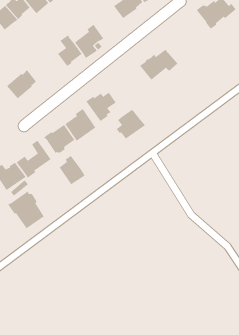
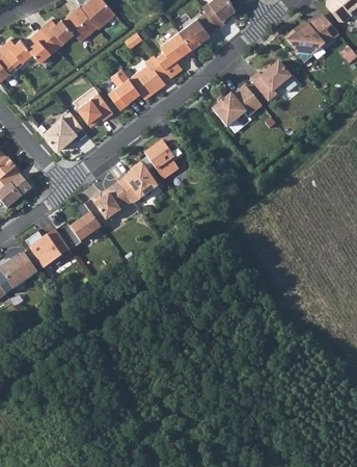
building: none -> [161,30,194,61]
building: none -> [251,60,292,100]
building: none -> [78,93,113,126]
building: [116,109,146,139] -> none
building: [59,155,86,185] -> none
building: [8,191,44,229] -> none

